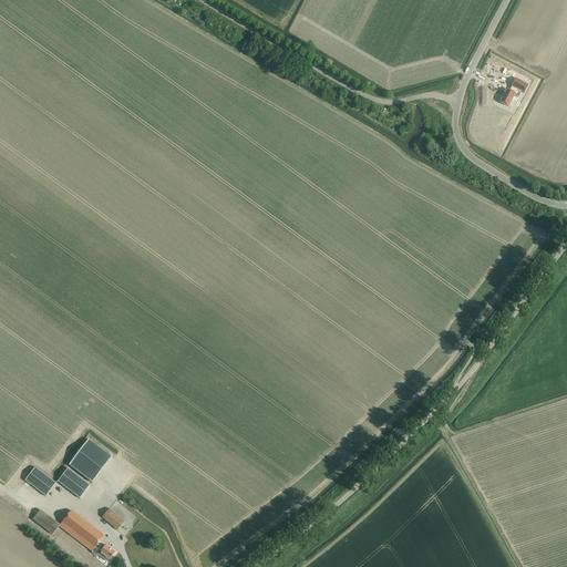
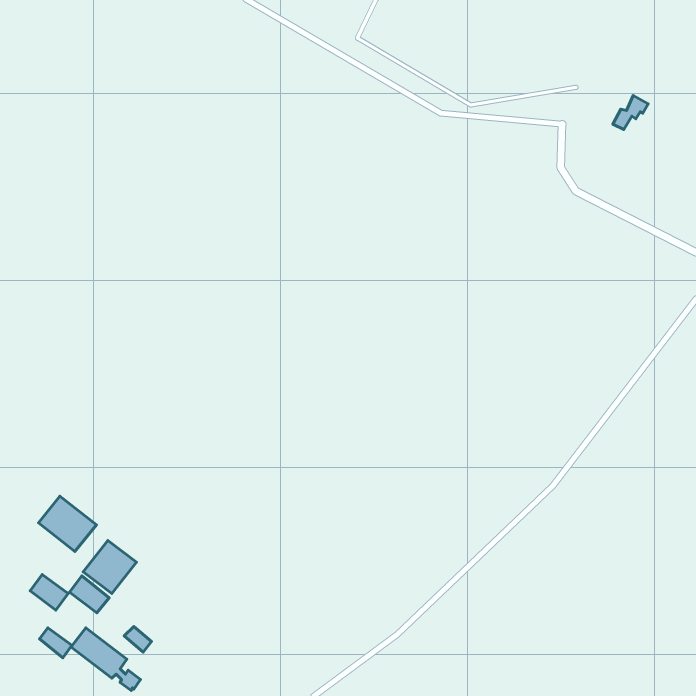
building: none -> [38,496,97,551]

